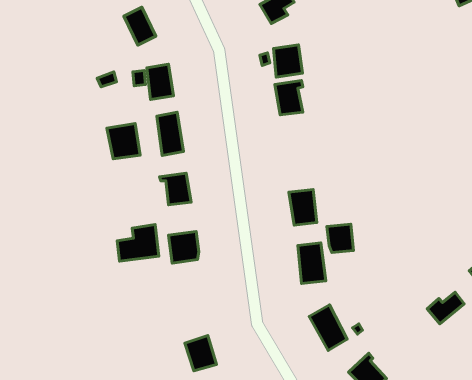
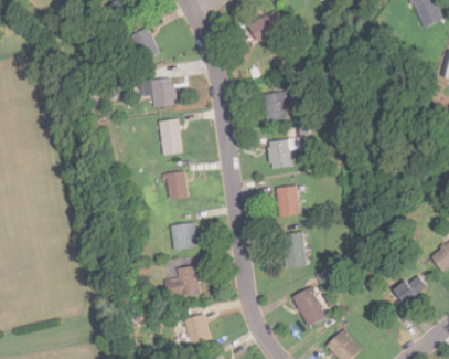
building: [273,45,302,77] -> none
building: [107,124,140,159] -> none
building: none -> [269,139,291,168]
building: [327,224,354,253] -> none
building: [117,224,159,261] -> [164,264,201,296]

